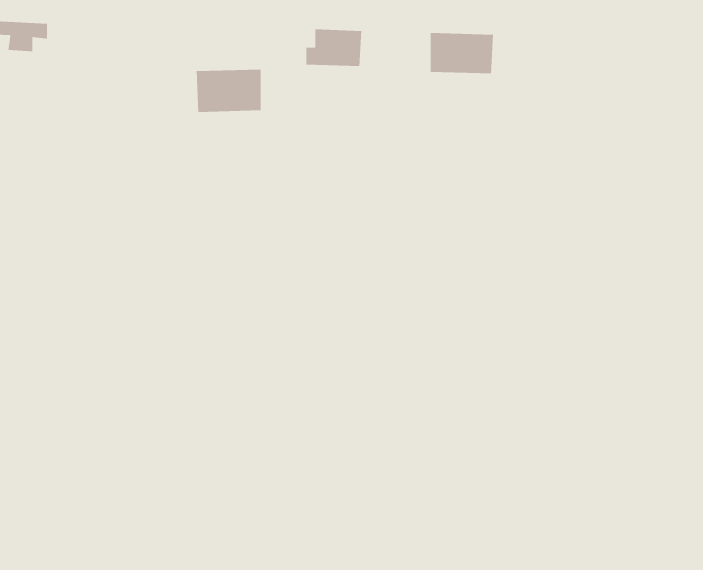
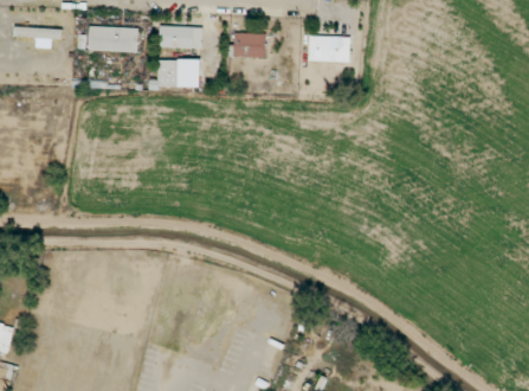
building: none -> [88,25,137,51]
building: none -> [157,25,201,47]

